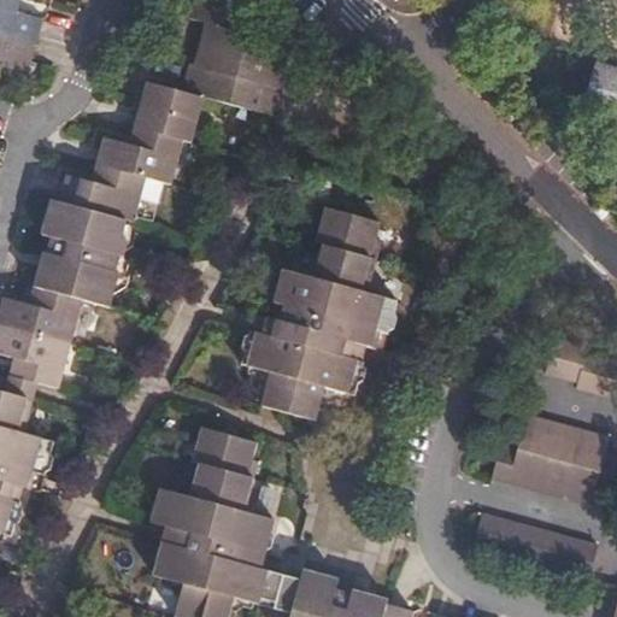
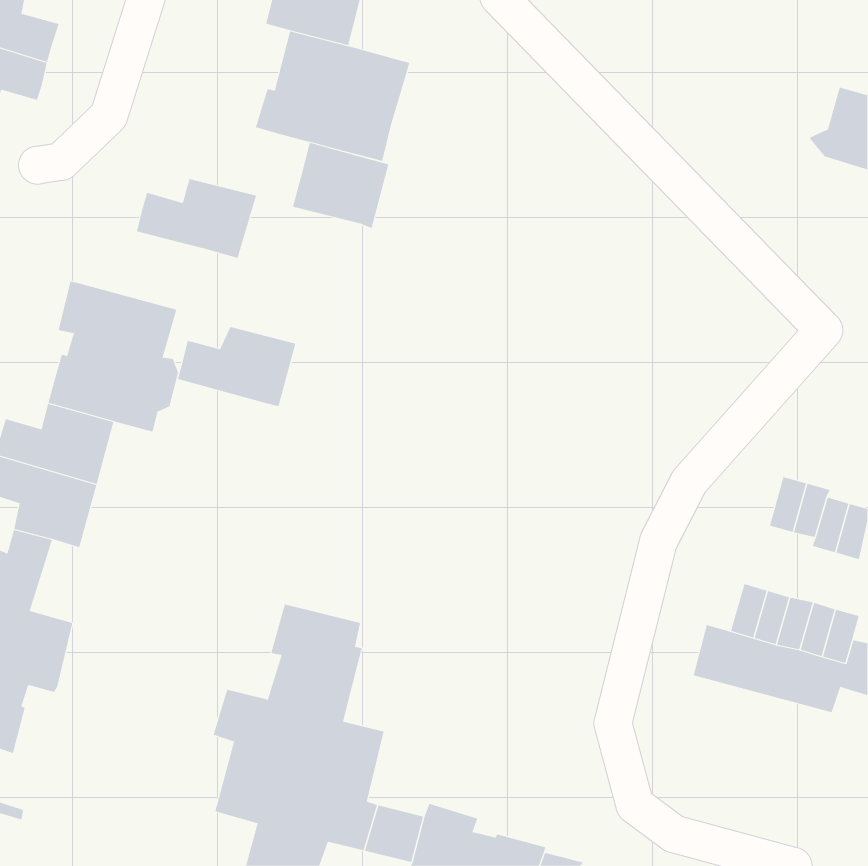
building: [134,81,202,142] -> [292,142,389,229]
building: [59,164,143,221] -> [177,327,296,407]
building: [241,206,396,419] -> none
building: [472,512,597,578] -> none

